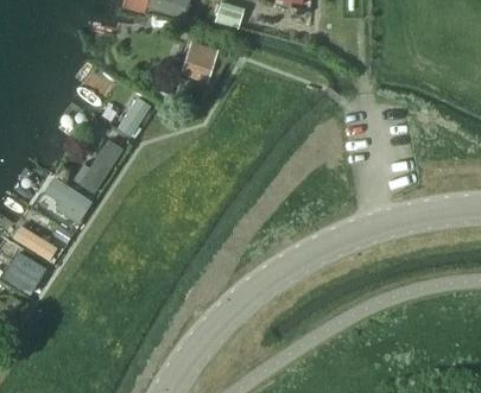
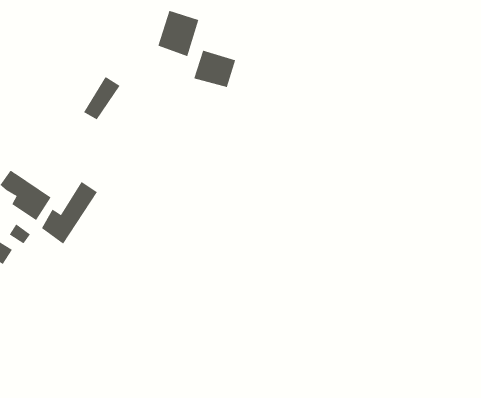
building: none -> [194,50,236,88]
building: [74,139,122,194] -> [41,181,98,245]

